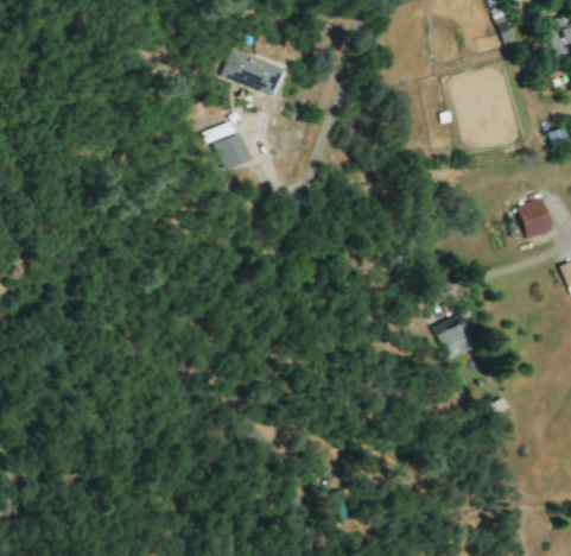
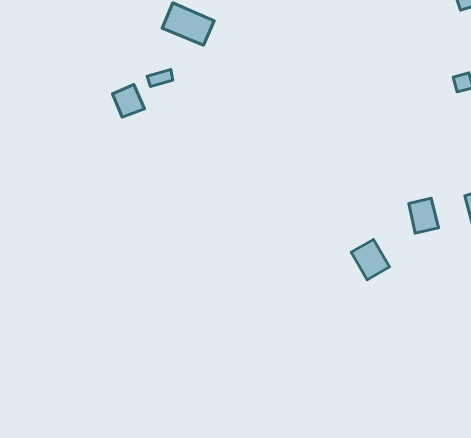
building: [216,132,252,169] -> [113,84,144,117]
building: [519,198,552,238] -> [409,198,439,233]

